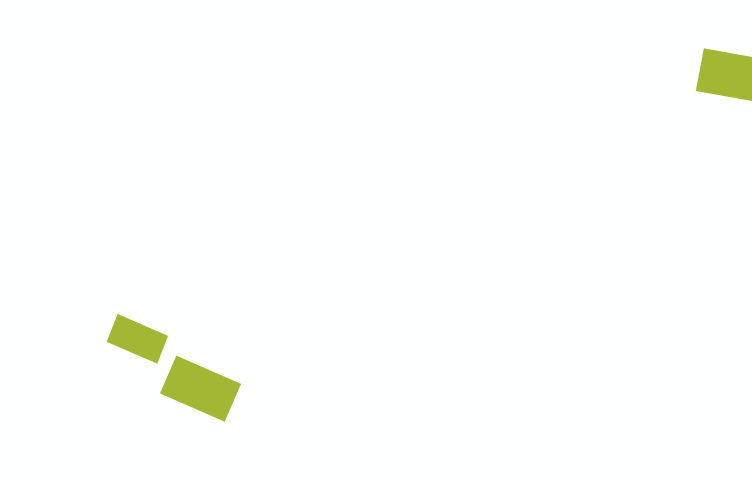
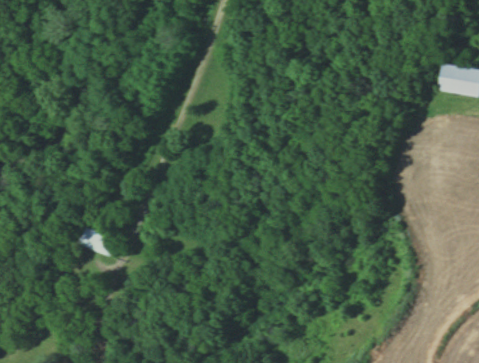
building: [159,354,242,423] -> none

